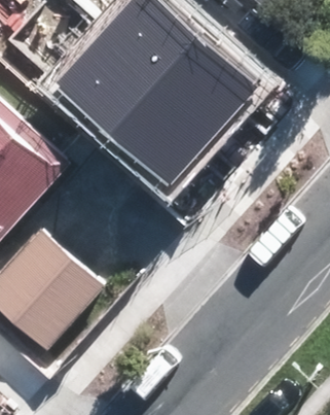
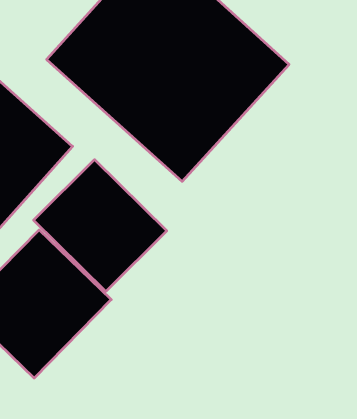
building: none -> [34,160,167,291]

